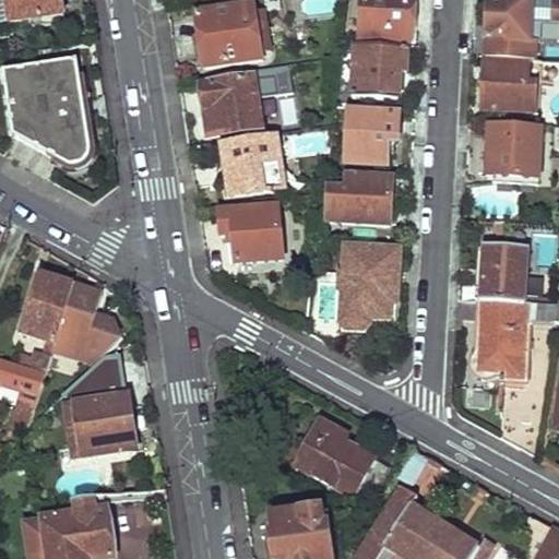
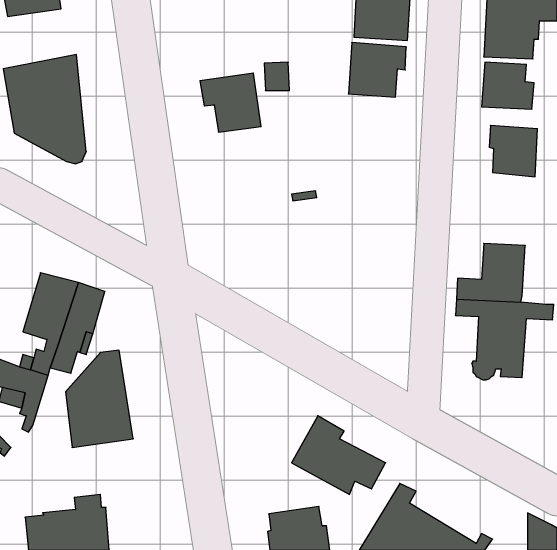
building: [197,4,262,66] -> none
building: [344,112,395,163] -> none
building: [223,132,285,194] -> none
building: [326,175,390,223] -> none
building: [219,202,285,259] -> none
building: [340,245,400,329] -> none

